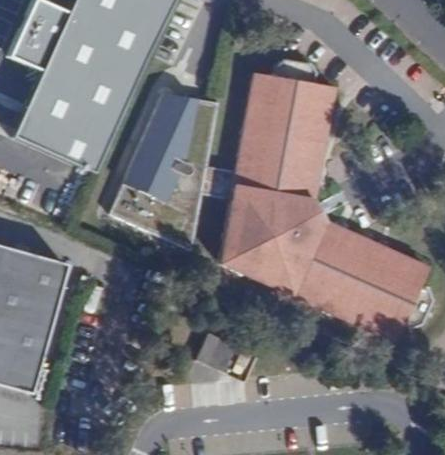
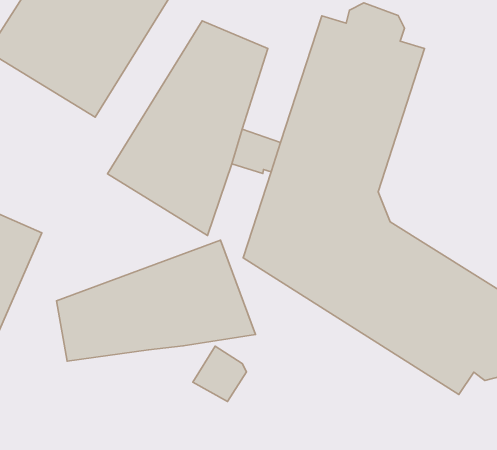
building: none -> [56,240,256,361]

